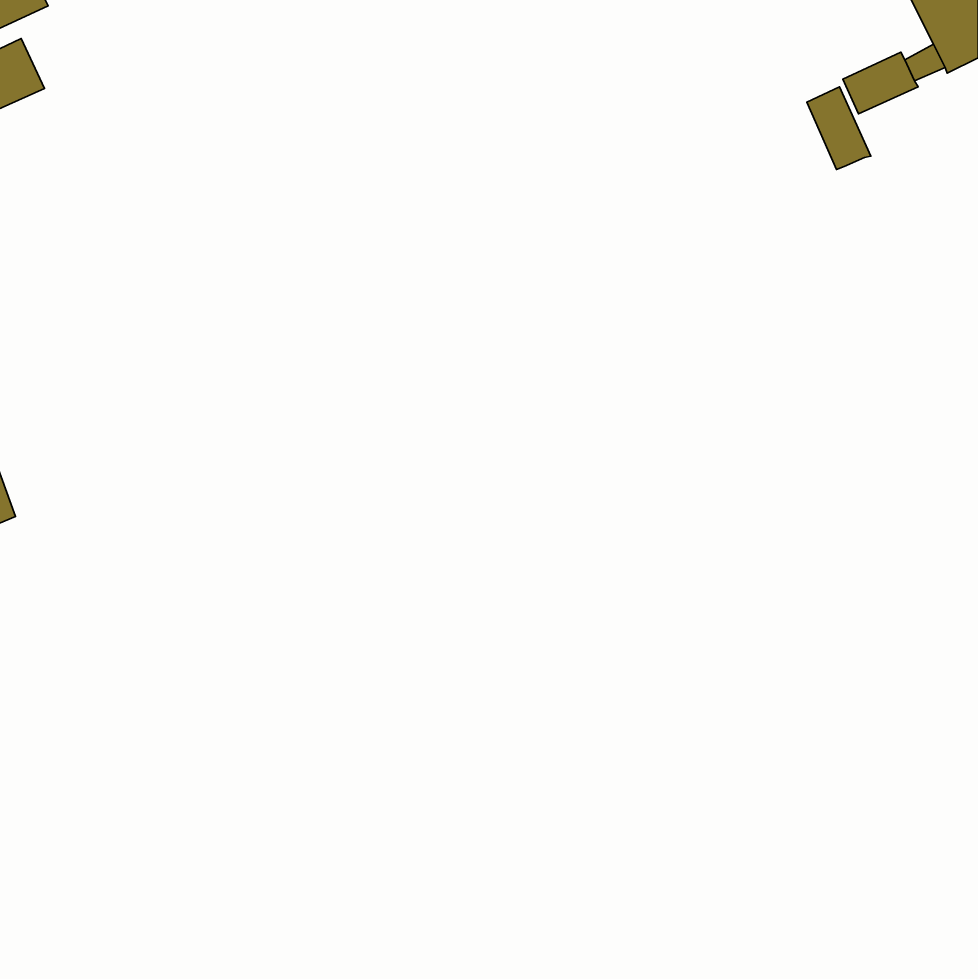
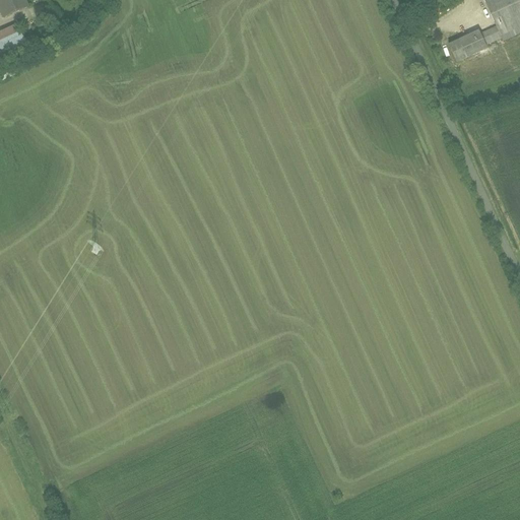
building: [807,87,871,170] -> none

